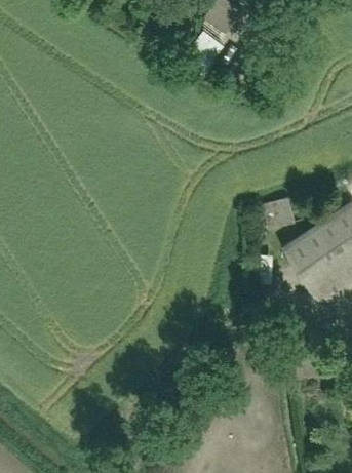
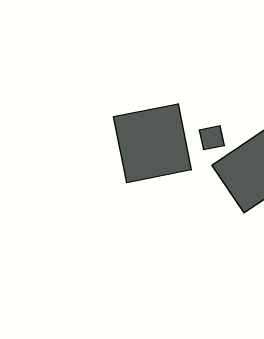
building: none -> [114,104,191,183]

